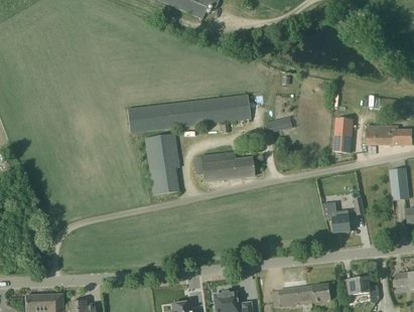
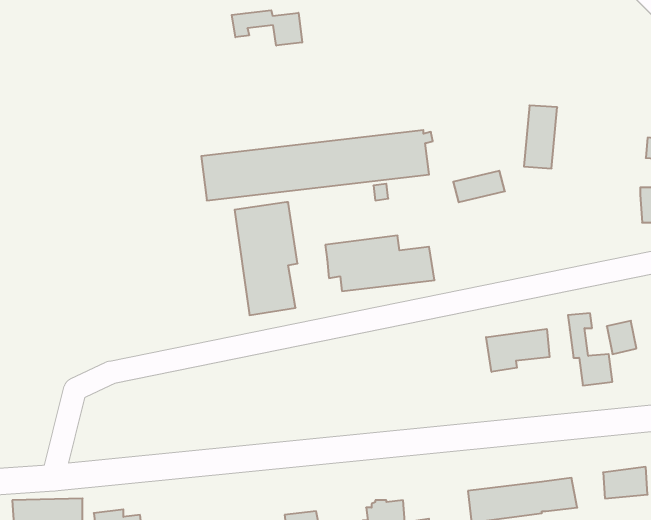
building: none -> [232,10,302,46]
building: [334,118,353,152] -> [524,105,557,168]
building: none -> [486,329,550,372]

